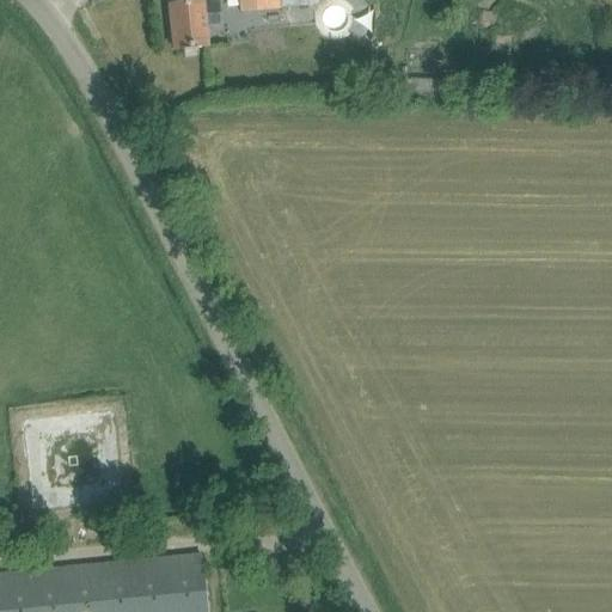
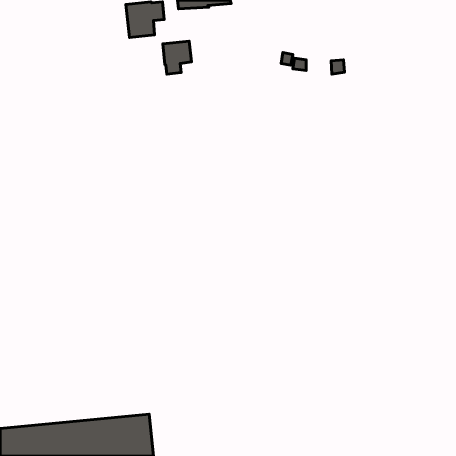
building: none -> [163,41,192,74]

